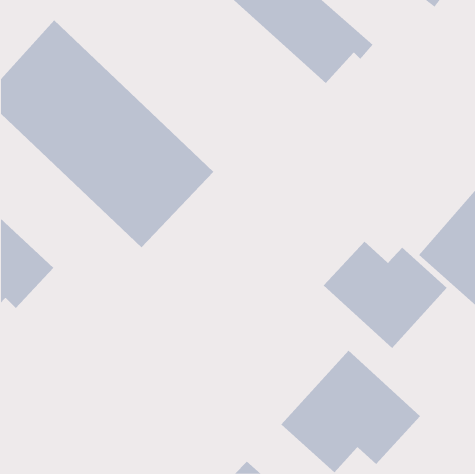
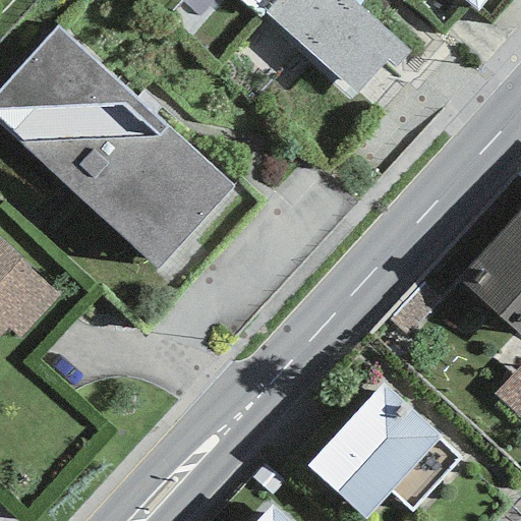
building: [323,241,448,349] -> none

